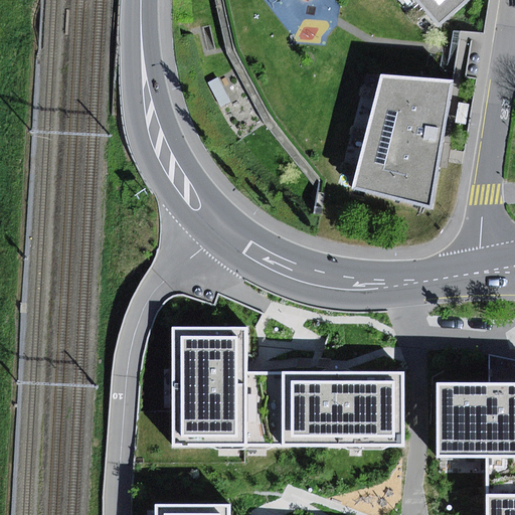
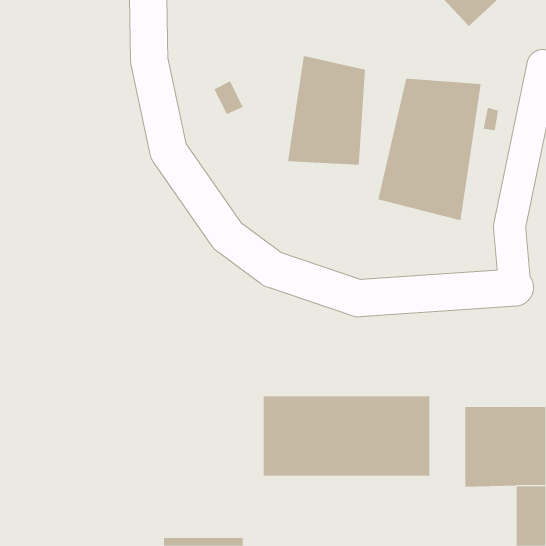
building: none -> [288,55,365,166]
building: [171,326,247,447] -> none

